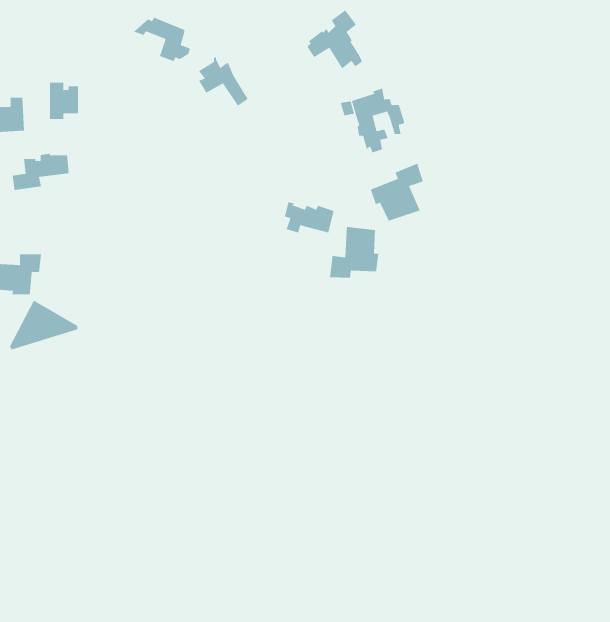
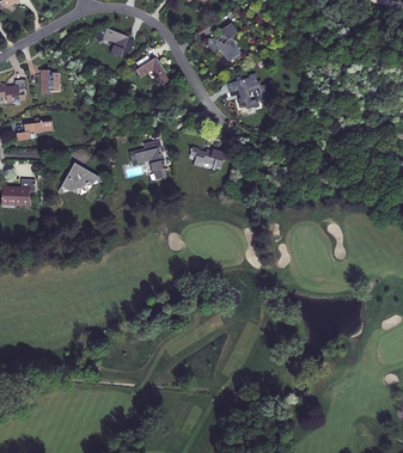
building: [370,163,424,222] -> none
building: none -> [129,139,165,178]
building: [329,226,379,279] -> none
building: [9,300,78,350] -> [57,161,102,194]

